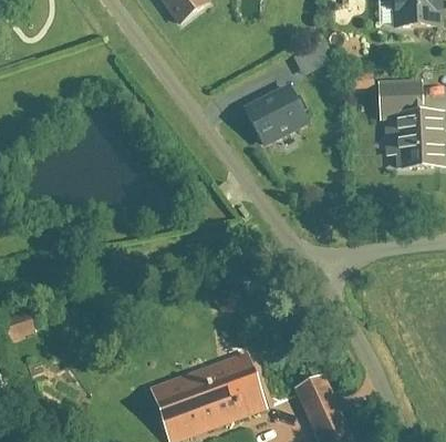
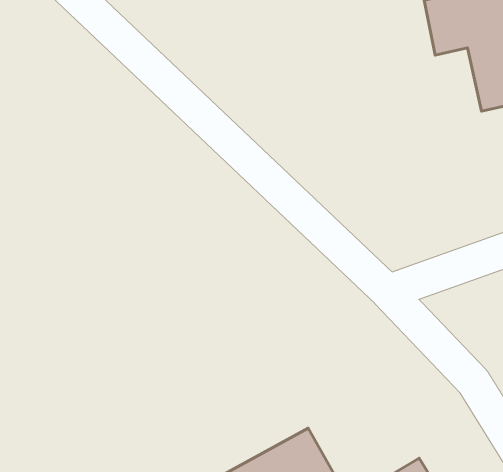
building: [243,84,311,145] -> none

